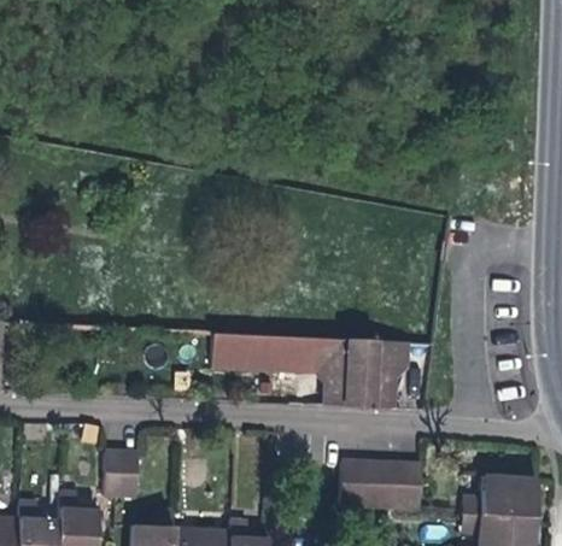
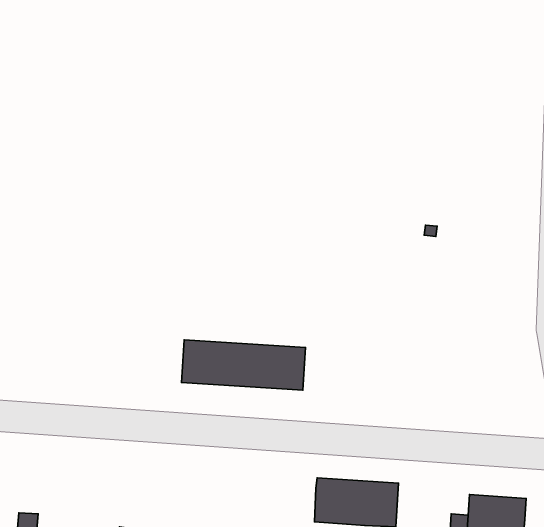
building: [326,339,416,407] -> none
building: [104,456,136,497] -> none

